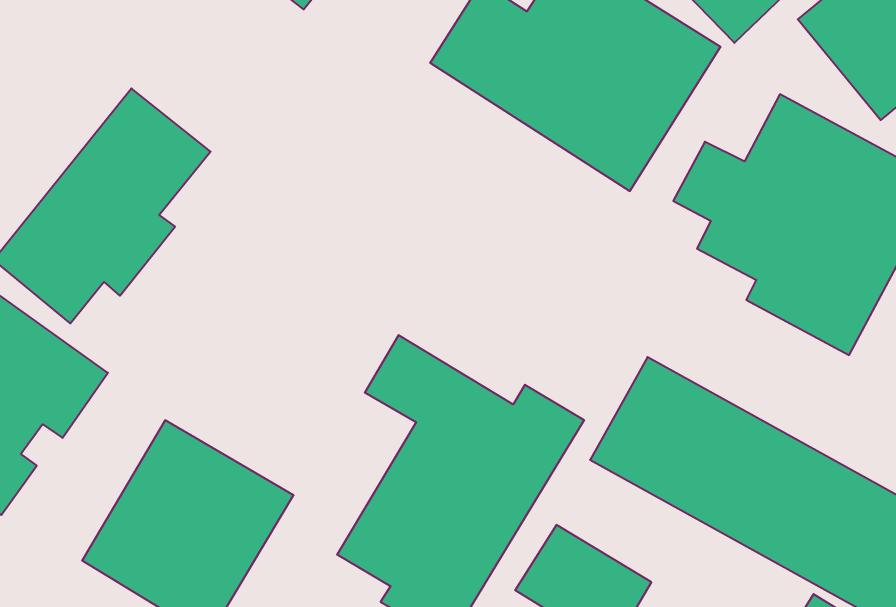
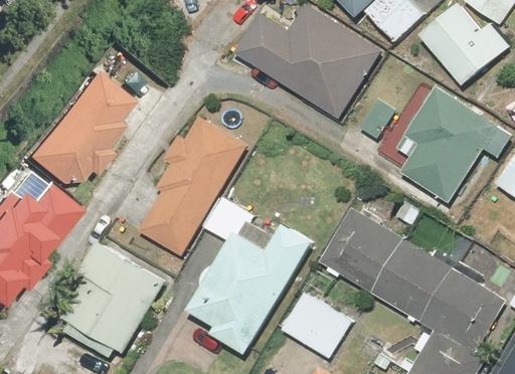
building: none -> [130,116,248,262]

